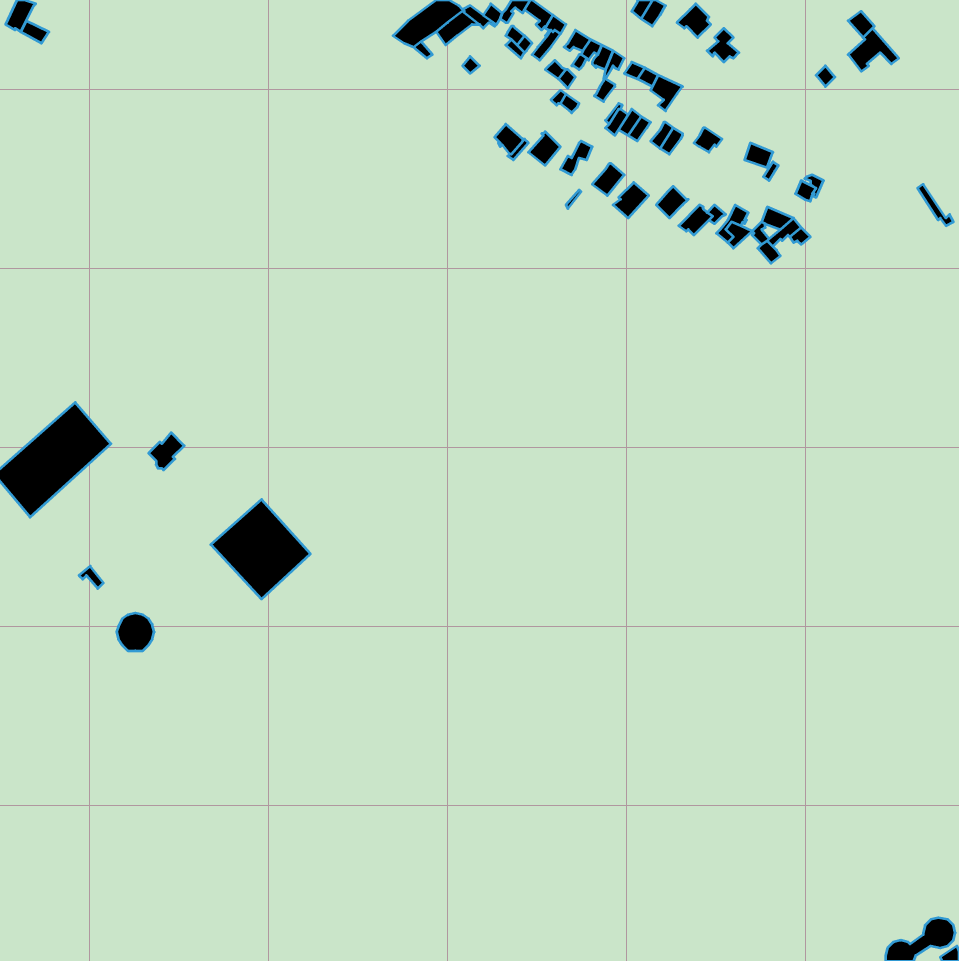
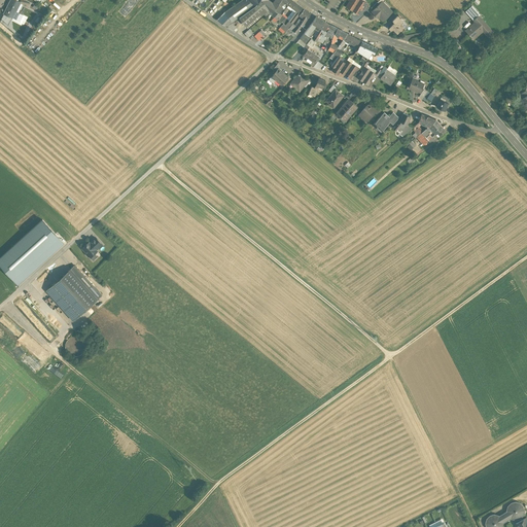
building: [211,499,310,599] -> [45,266,100,320]

